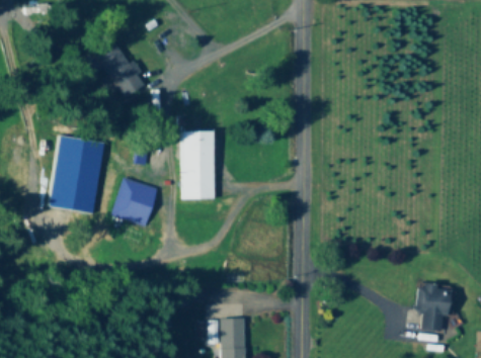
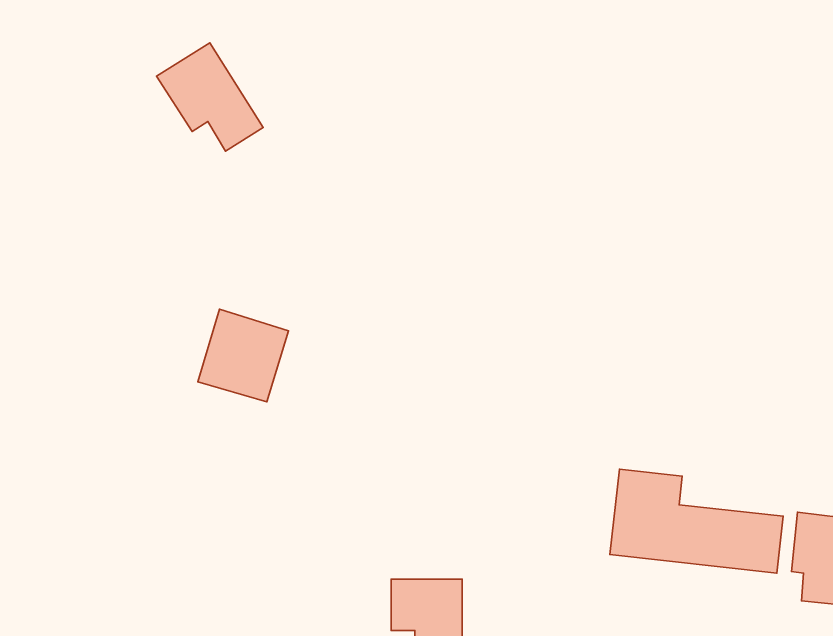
building: [182,131,215,200] -> none
building: none -> [610,469,783,573]

